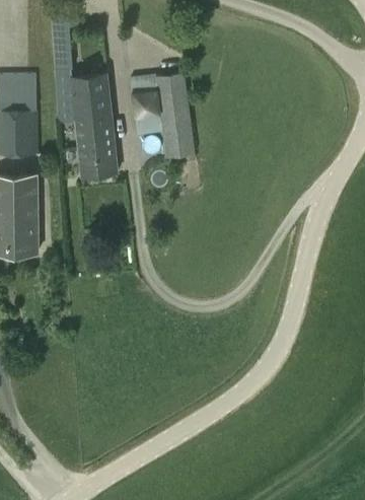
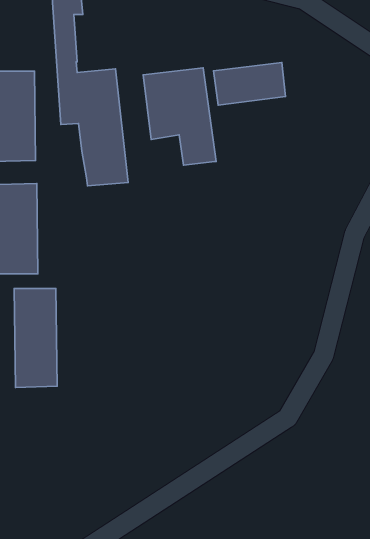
building: none -> [214,62,286,105]
building: none -> [14,289,57,388]

